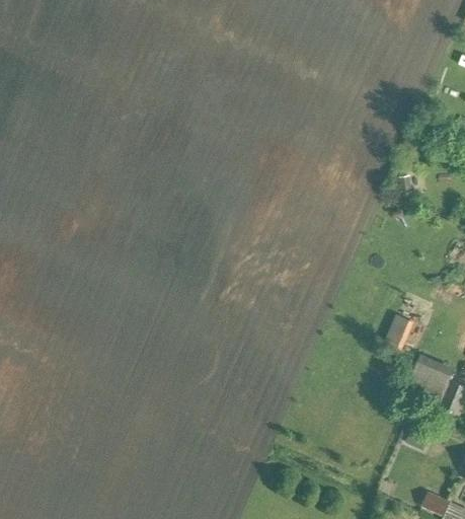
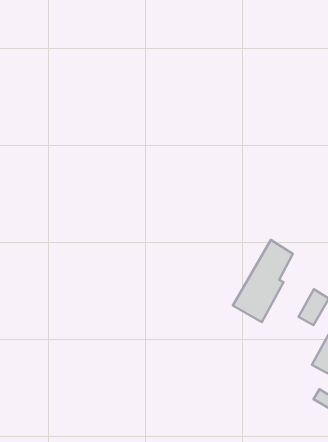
building: none -> [233,240,293,322]

